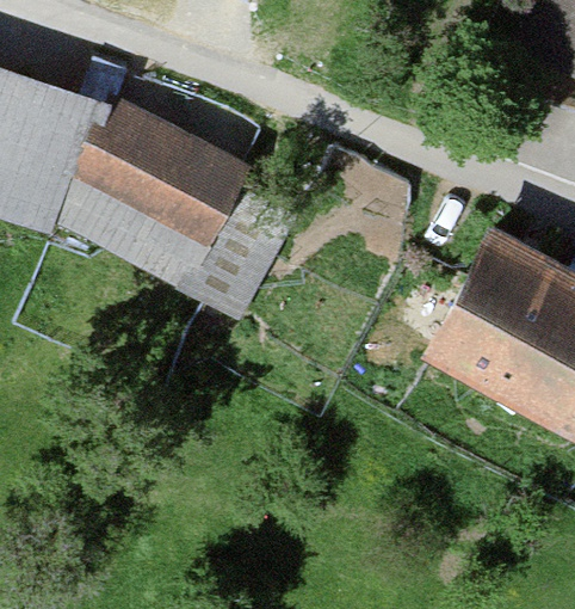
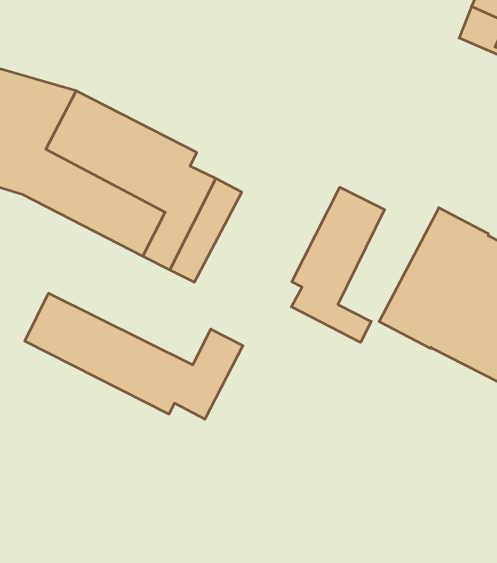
building: none -> [291,187,385,342]
building: none -> [25,293,243,419]

